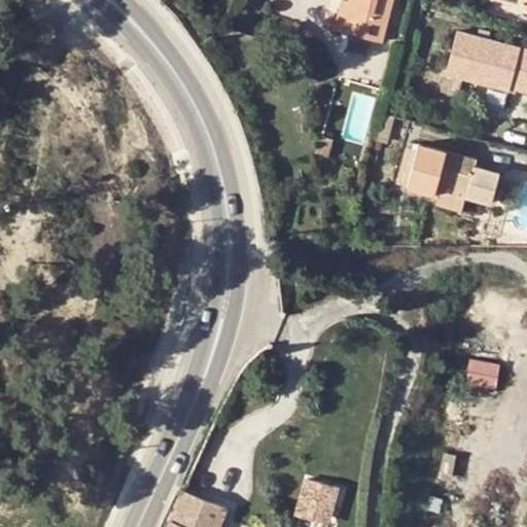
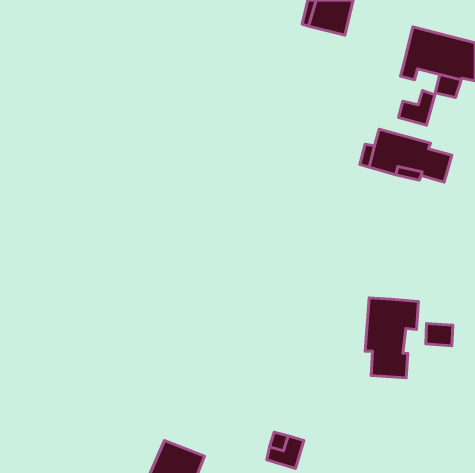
building: none -> [398,90,435,125]
building: none -> [365,298,419,378]

